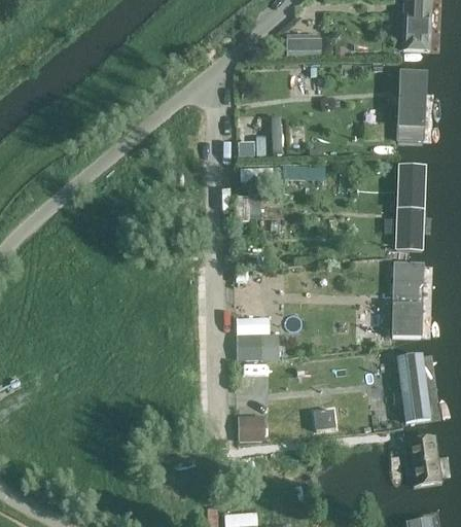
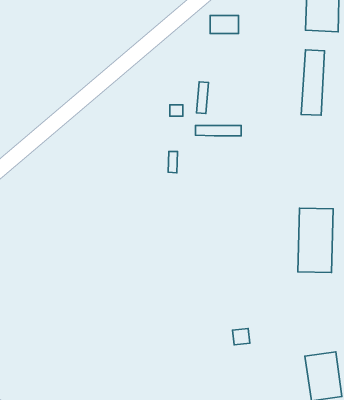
building: [394,164,425,251] -> none
building: [237,330,279,356] -> none
building: [396,354,425,426] -> none
building: [239,412,264,437] -> none

